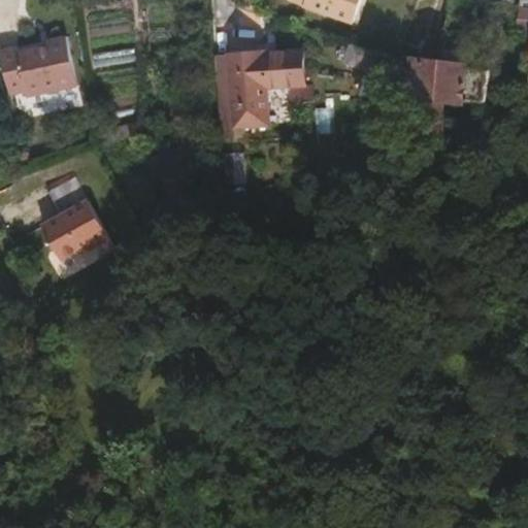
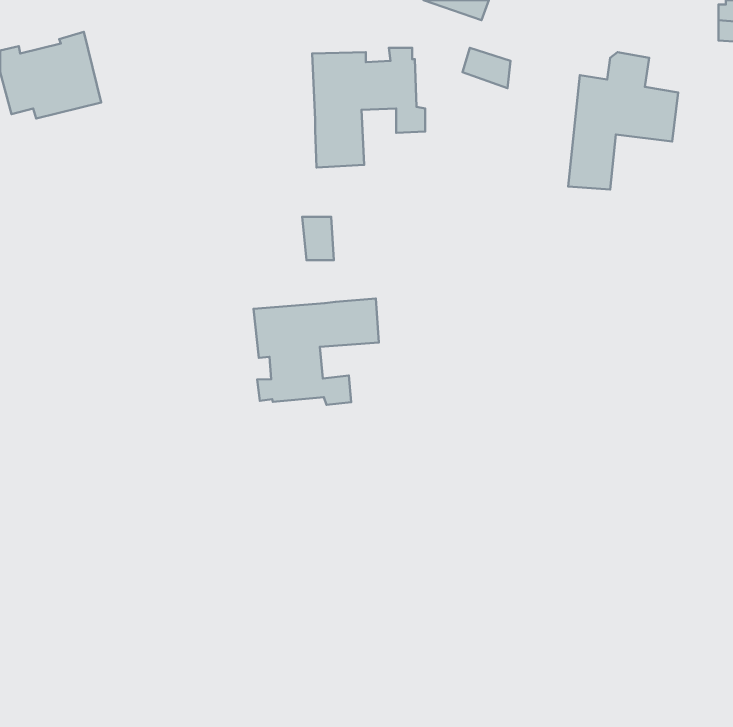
building: [36,184,99,267] -> none
building: none -> [254,298,379,405]

